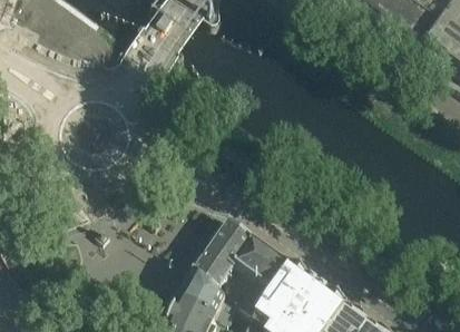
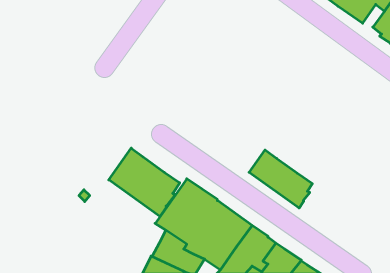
building: none -> [109,148,180,216]
building: none -> [249,150,312,208]

